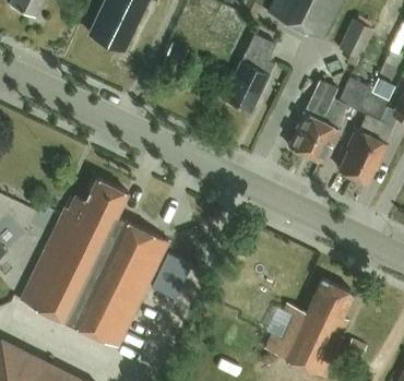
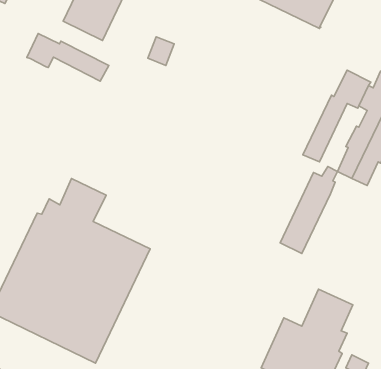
building: [336,21,371,68] -> none
building: [222,34,276,112] -> none
building: none -> [27,33,109,81]
building: [287,76,340,156] -> [280,167,337,254]

